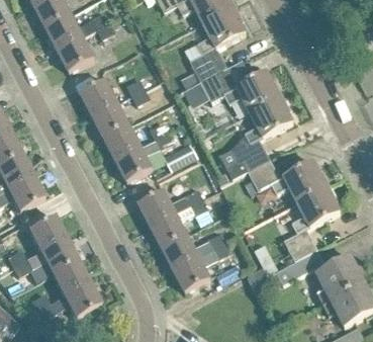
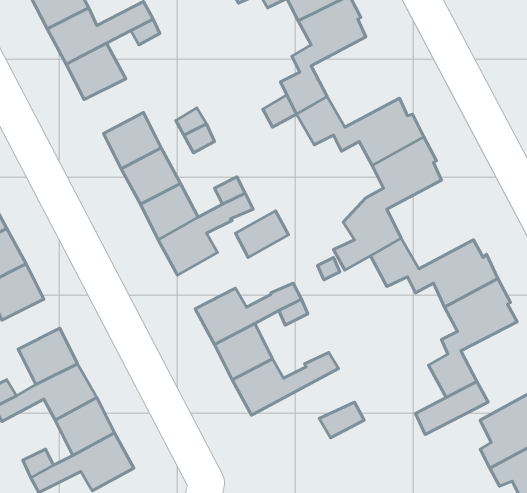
building: [174,241,232,292] -> none

